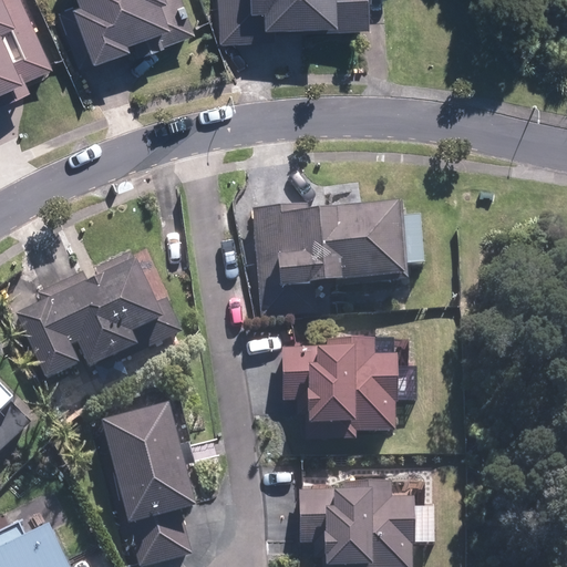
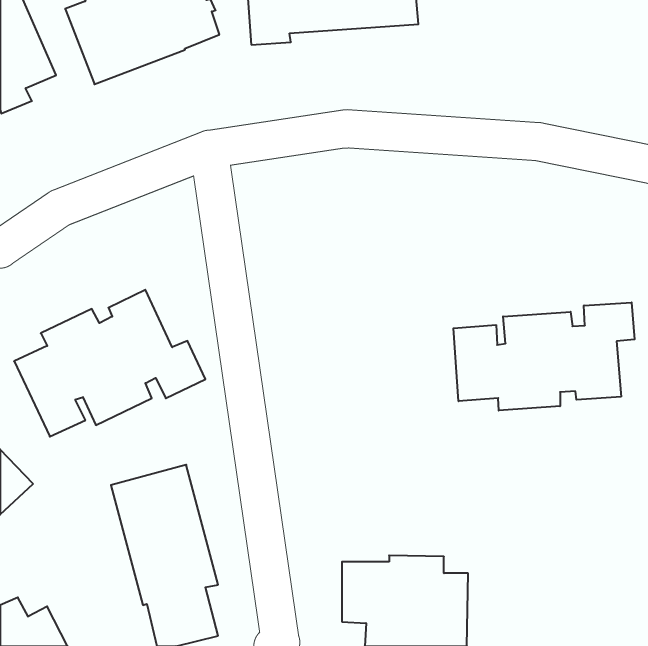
building: [254,199,406,311] -> none
building: none -> [453,302,635,411]
building: [282,339,393,439] -> none

